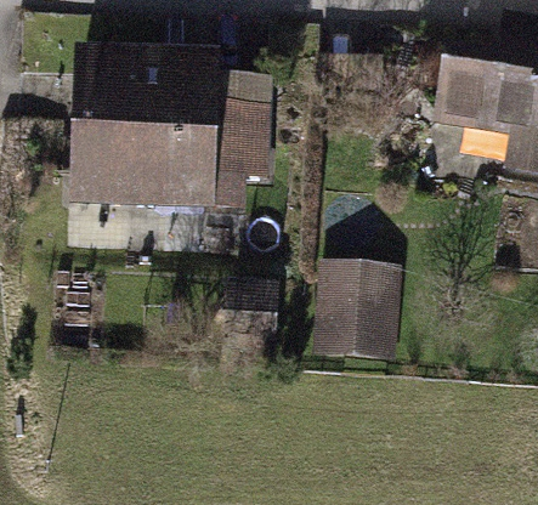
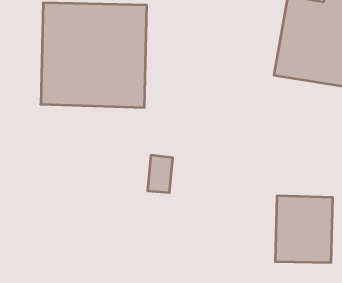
building: [318,257,404,357] -> [275,196,333,262]

